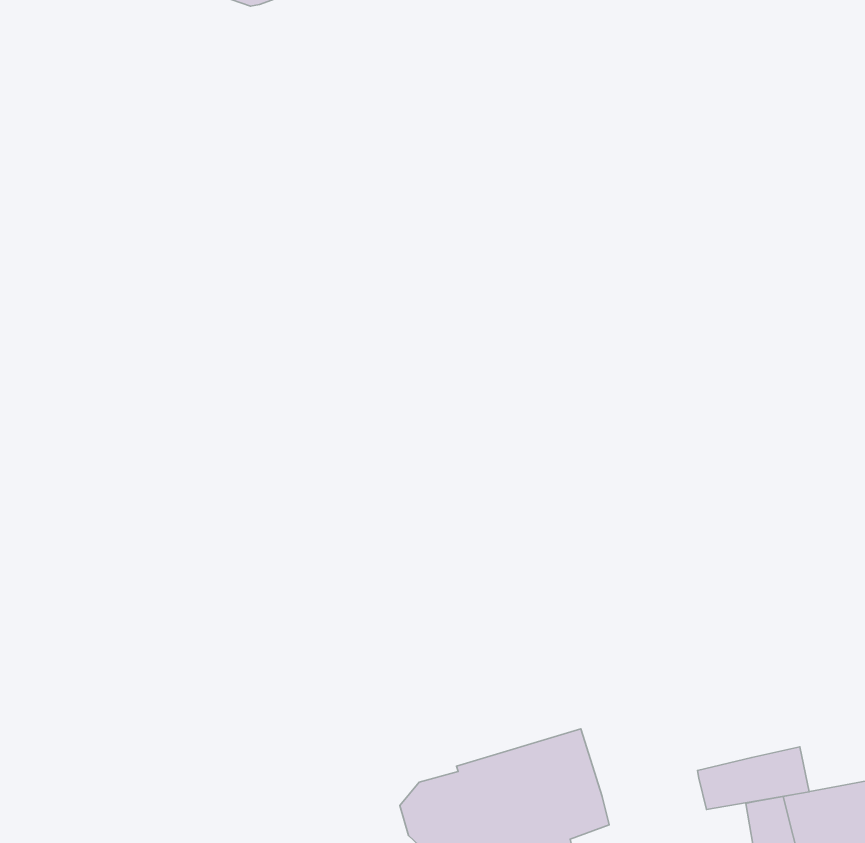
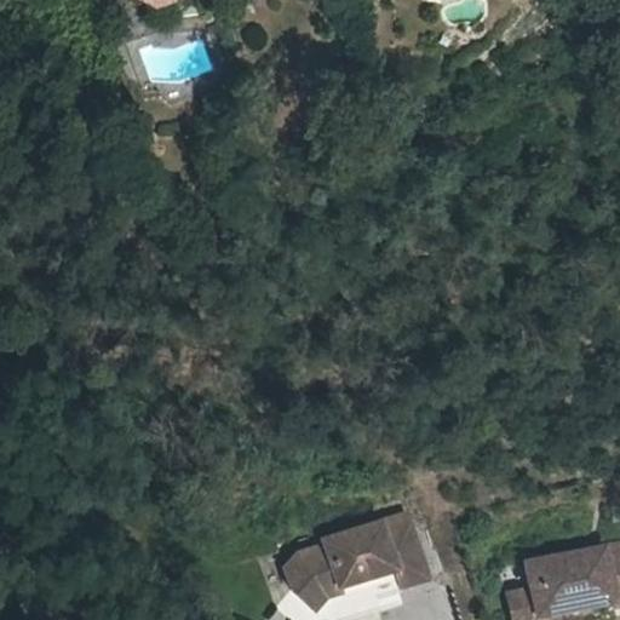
building: [697,747,809,810] -> none

